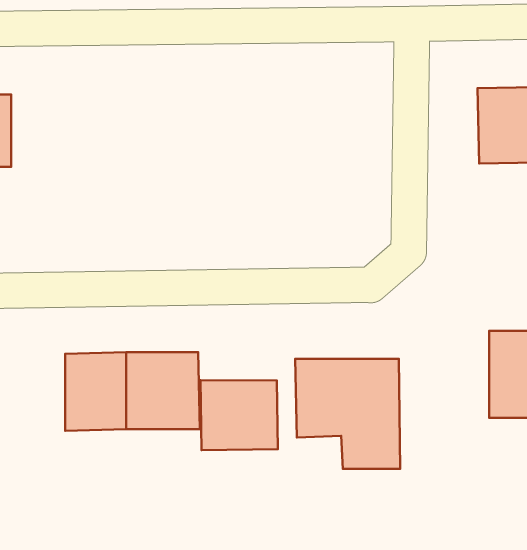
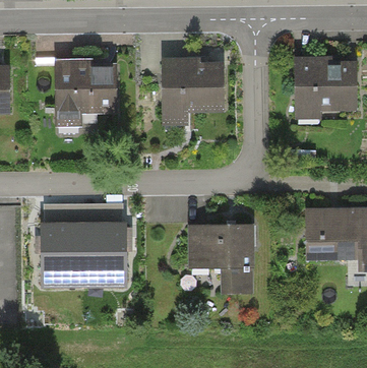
building: none -> [162,59,222,121]
building: none -> [55,60,116,124]
building: [201,380,278,450] -> none

